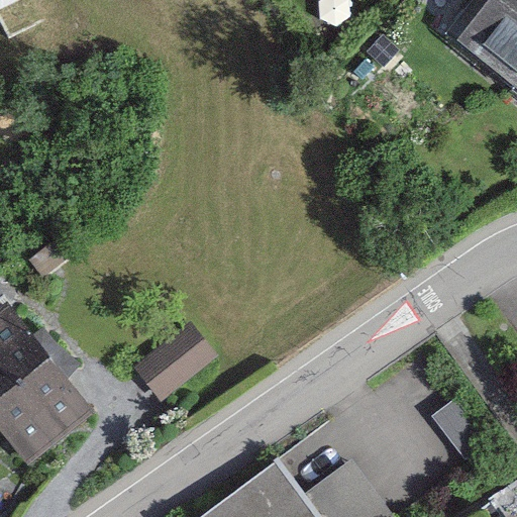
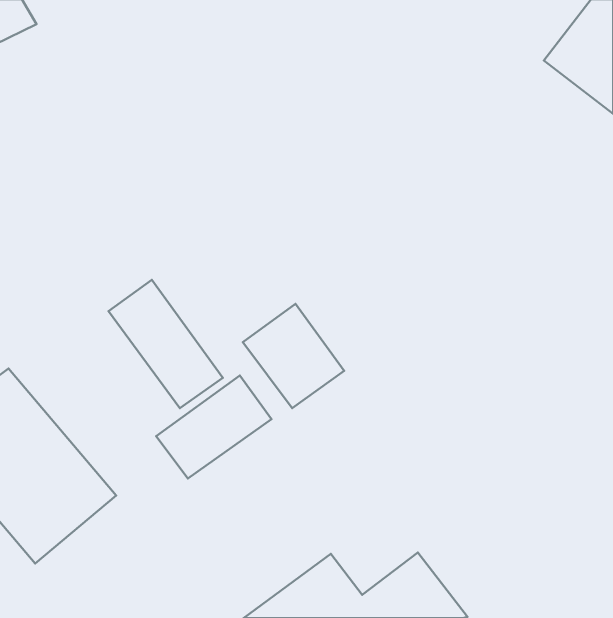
building: none -> [108,280,223,408]
building: none -> [243,304,344,408]

